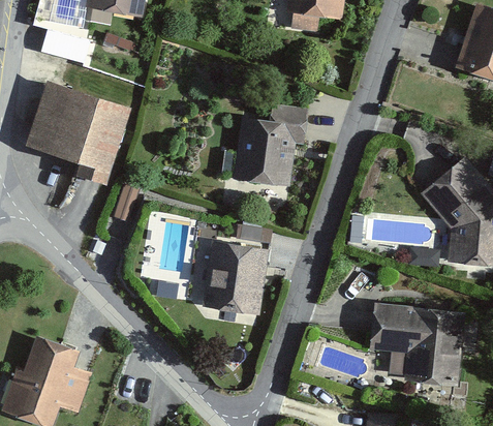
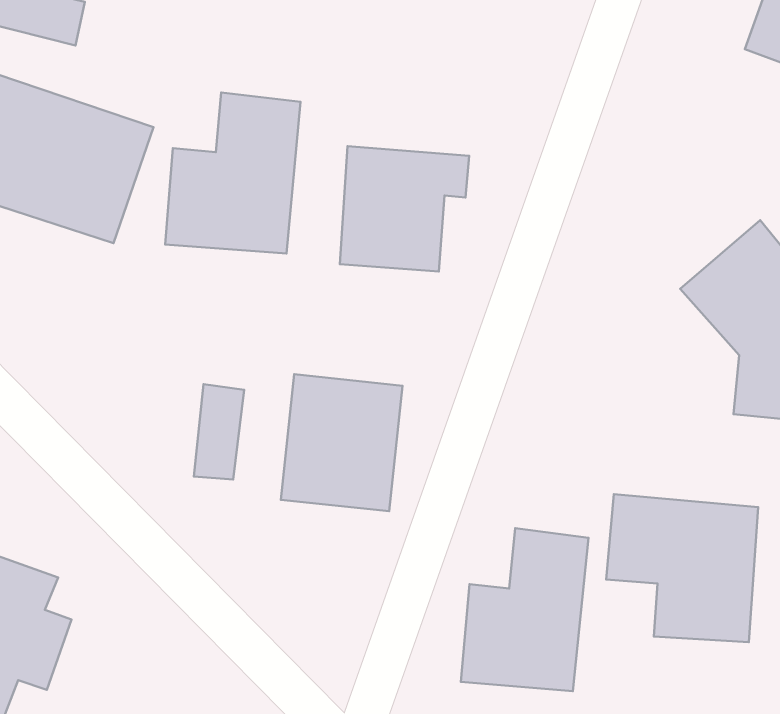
building: none -> [165,92,301,254]
building: none -> [194,384,244,480]
building: none -> [461,528,588,691]

